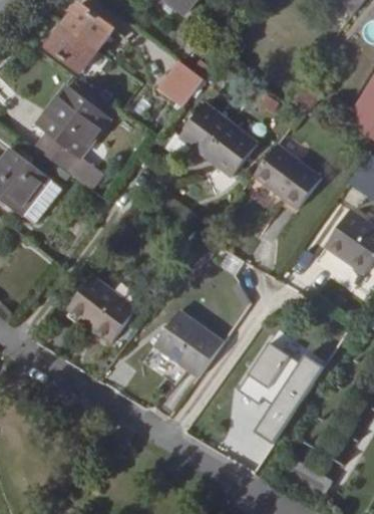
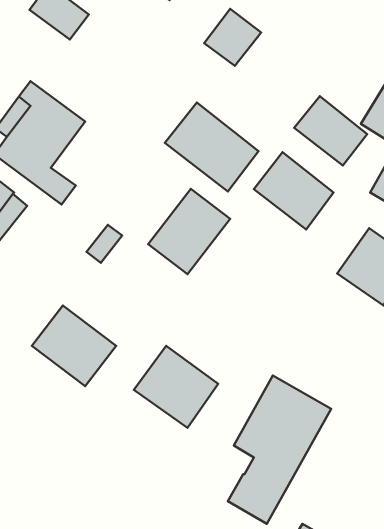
building: [46,24,98,73] -> none
building: [156,59,205,107] -> [204,9,261,66]
building: none -> [294,96,367,165]
building: none -> [148,189,230,274]

